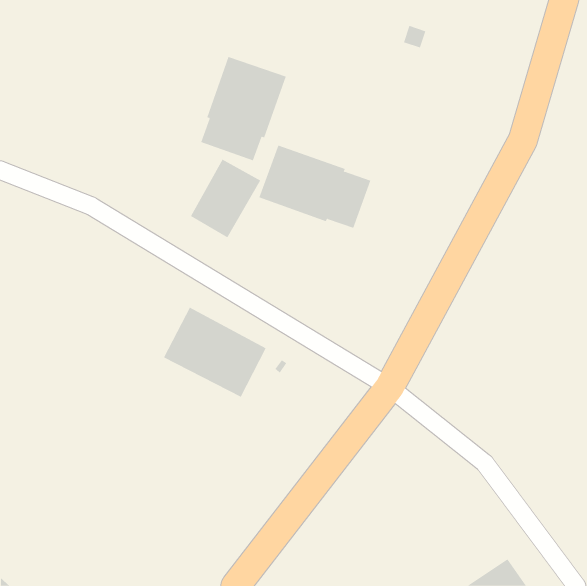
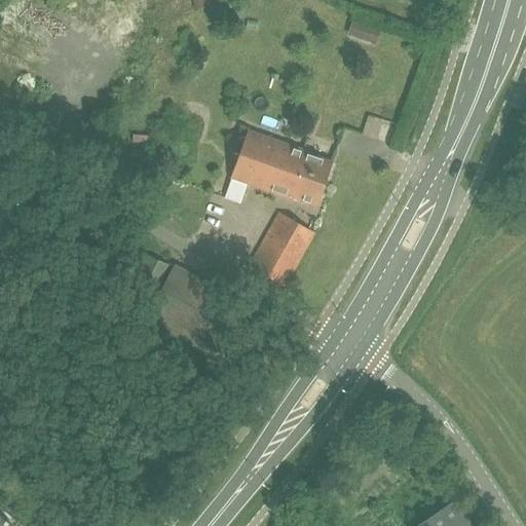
building: [200,56,287,161] -> none
building: [190,159,261,238] -> [251,213,314,284]

